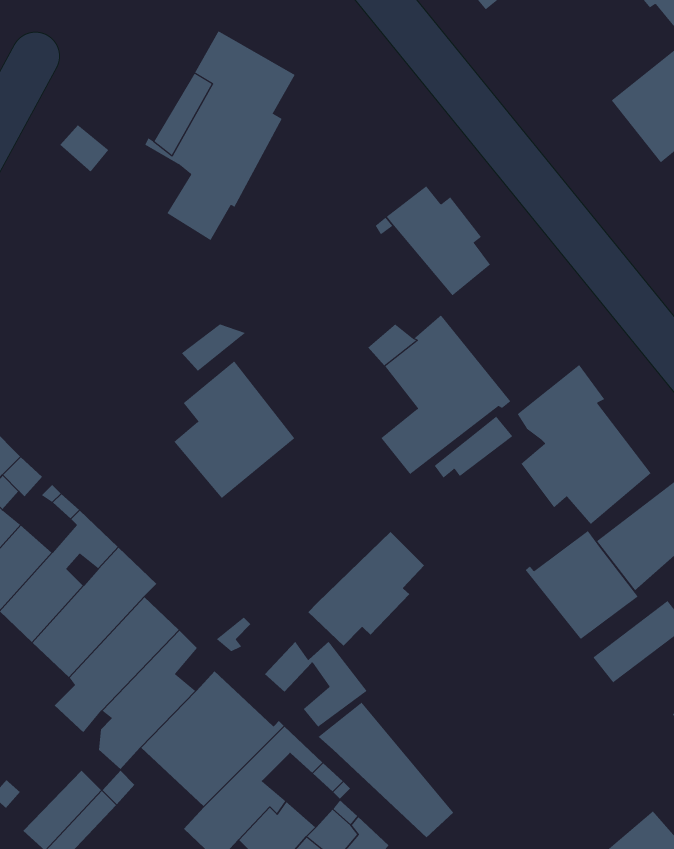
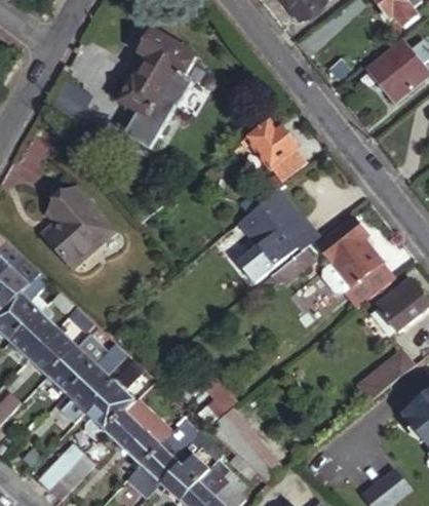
building: [174,361,295,499] -> [41,185,109,262]
building: [525,530,638,640] -> none
building: [307,531,425,646] -> none

